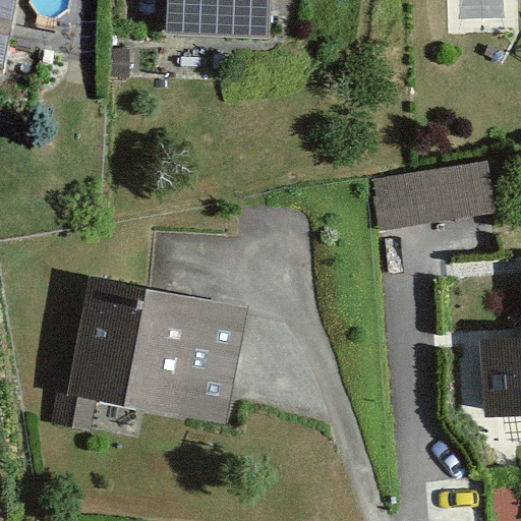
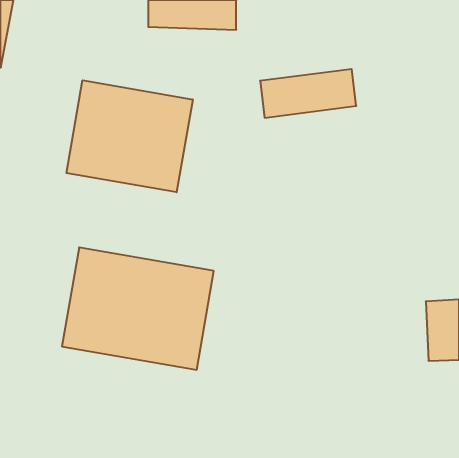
building: none -> [66,80,193,192]
building: [379,168,487,223] -> [260,69,356,118]

